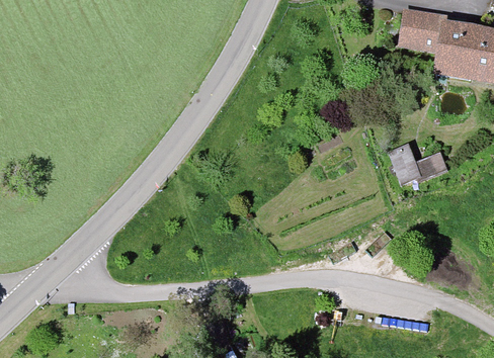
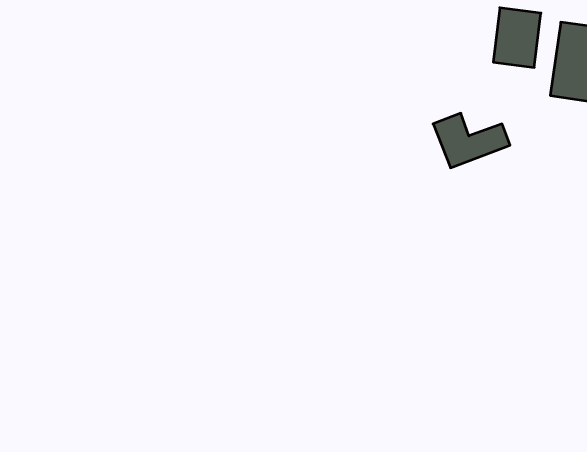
building: [389,142,447,183] -> [433,113,510,168]

